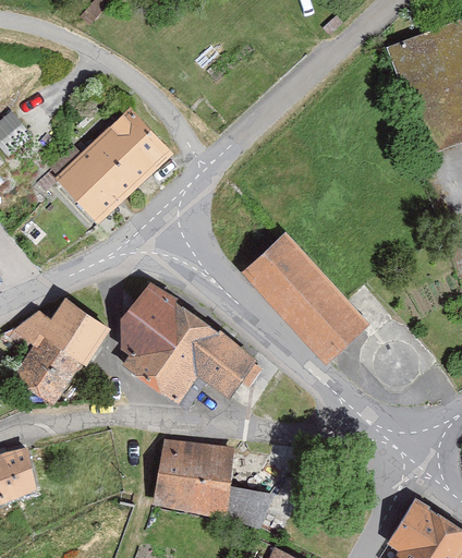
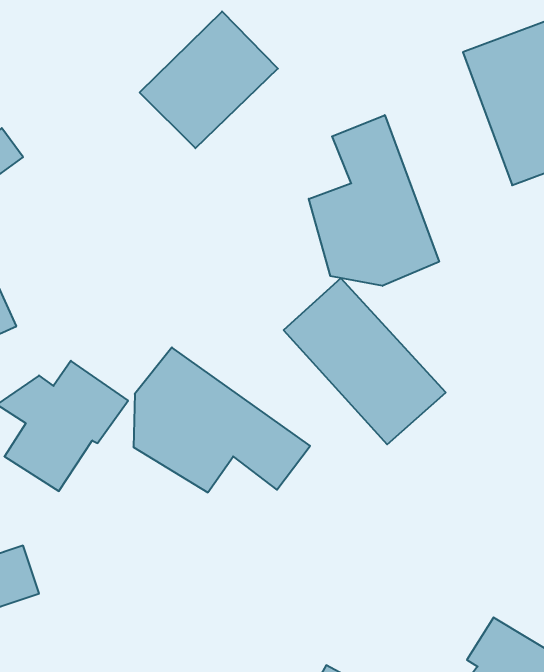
building: none -> [309,115,439,286]
building: [51,110,165,222] -> [140,11,278,148]
building: [154,439,267,524] -> none

